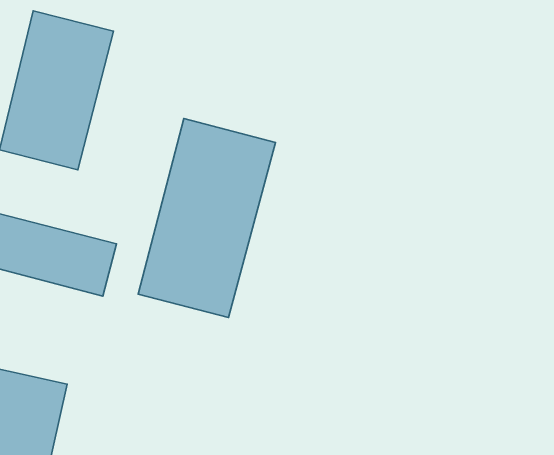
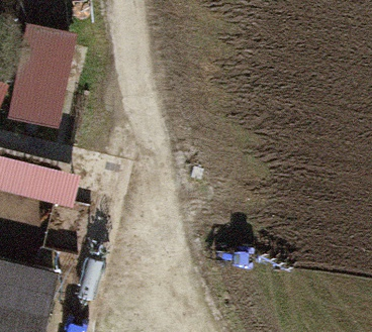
building: [138,118,276,317] -> none

